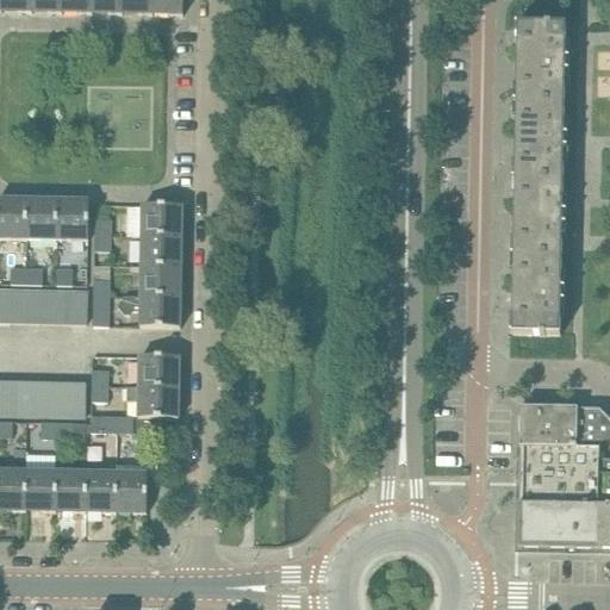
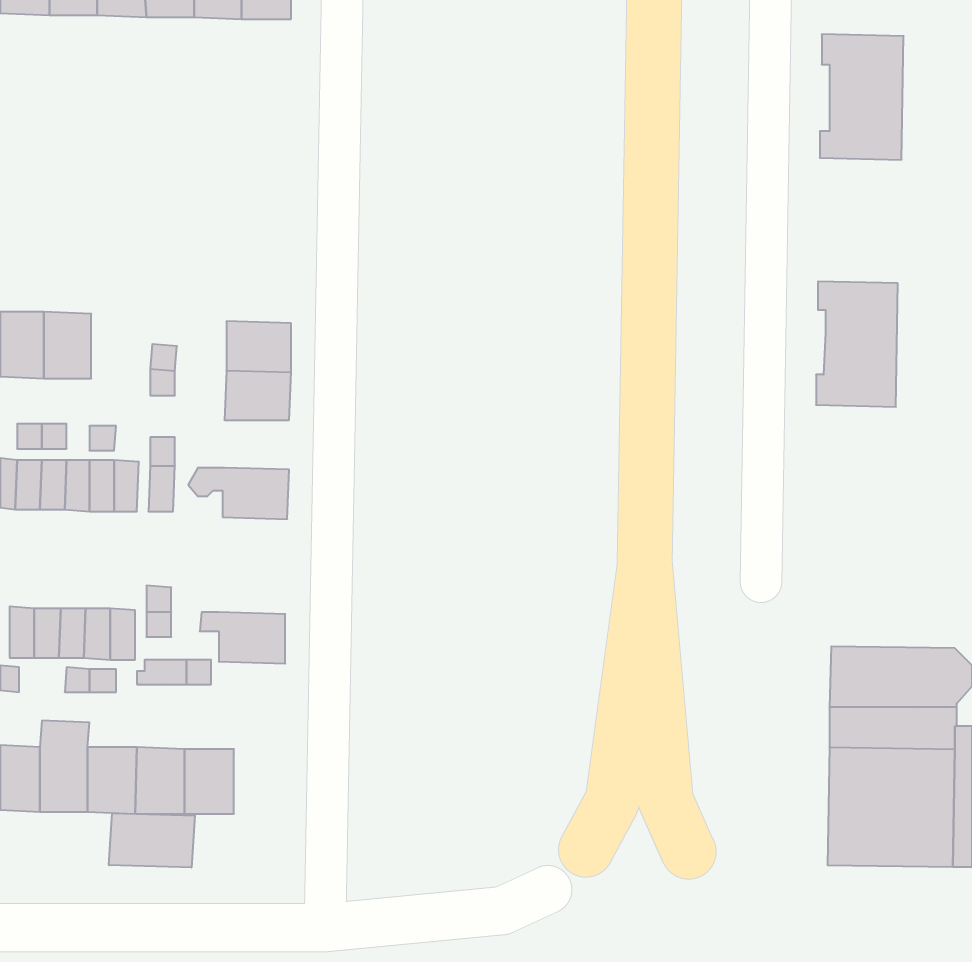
building: [512,99,565,178] -> none
building: [57,197,88,237] -> none
building: [509,254,561,332] -> none
building: [141,263,181,294] -> none
building: [137,353,180,385] -> none
building: none -> [109,813,195,868]

